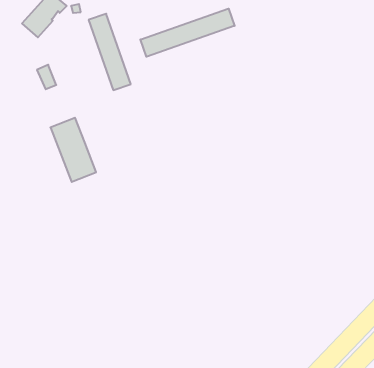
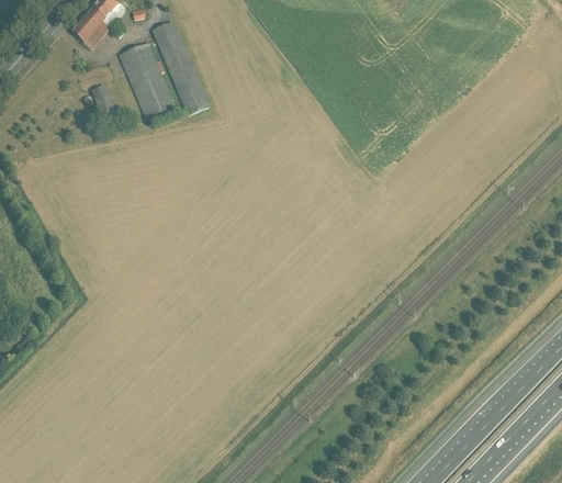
building: [140,9,235,57] -> none
building: [50,118,96,182] -> [119,40,176,120]

